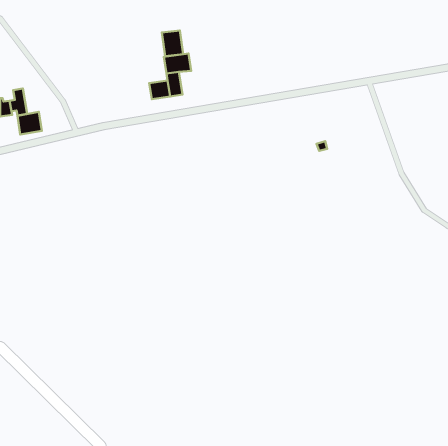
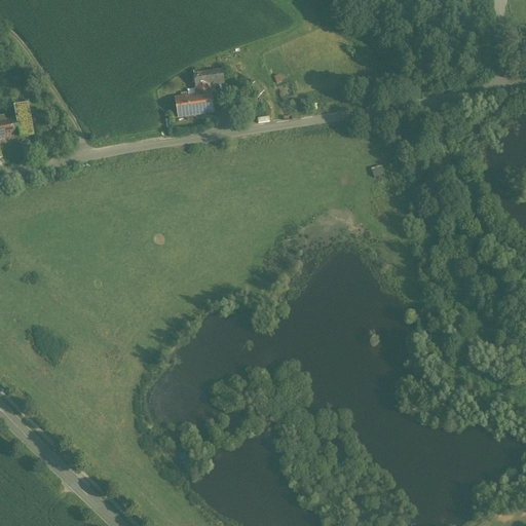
building: [162,30,183,56] -> none
building: [18,112,42,135] -> none

